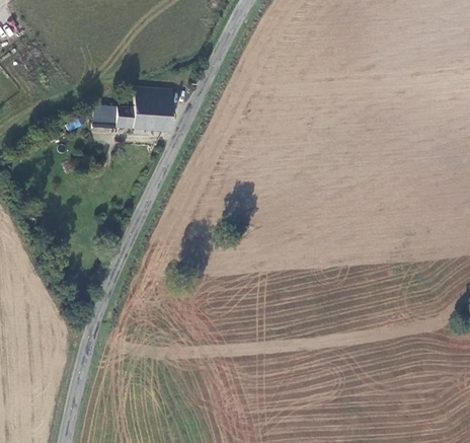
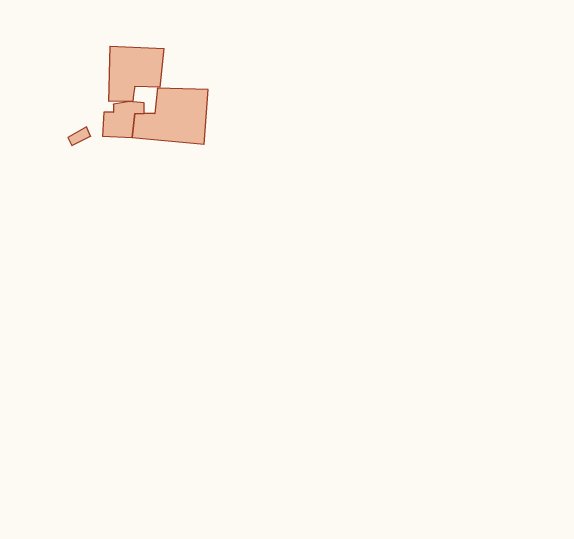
building: none -> [109,46,164,102]

